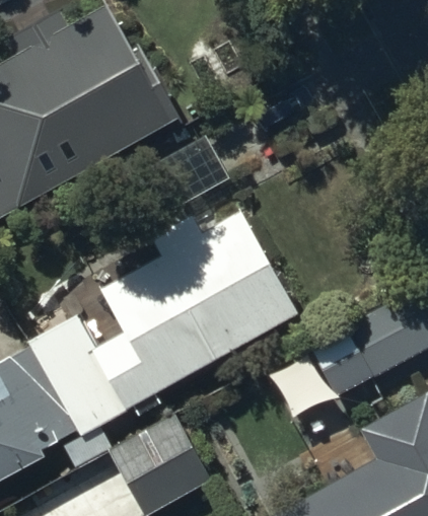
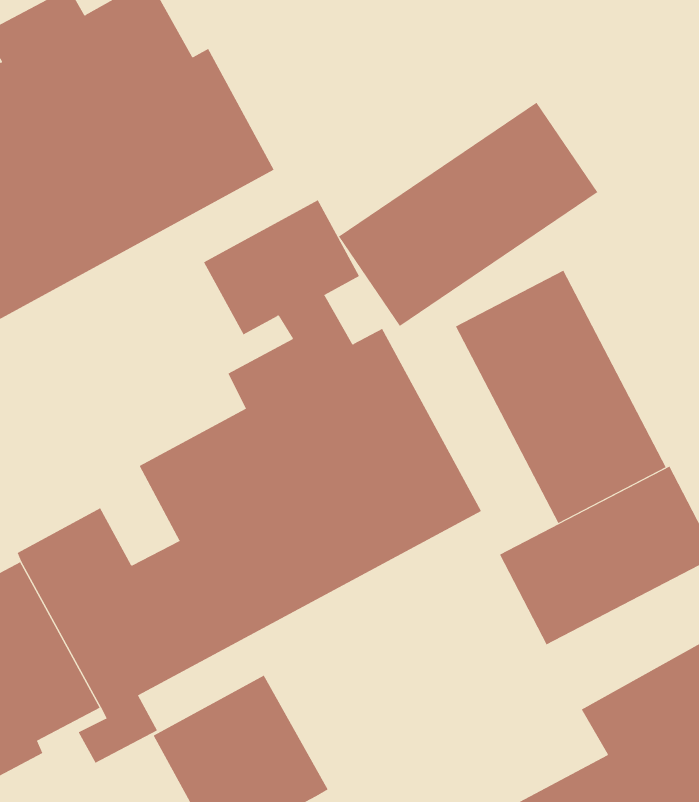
building: none -> [338,102,598,327]
building: none -> [455,270,666,524]

